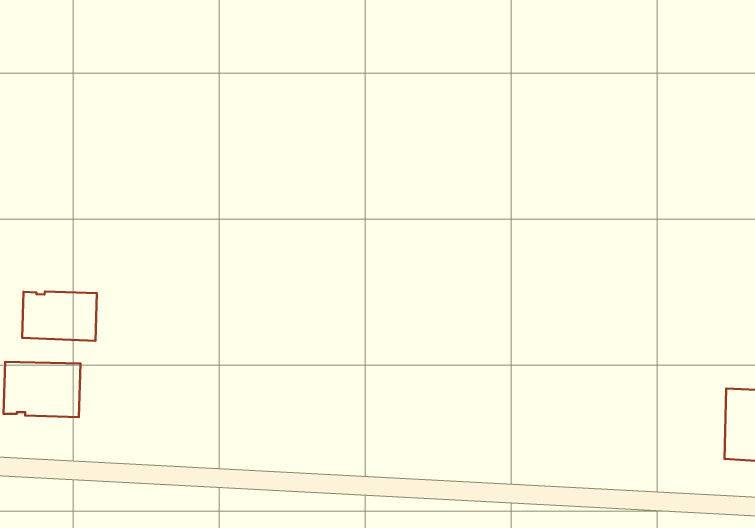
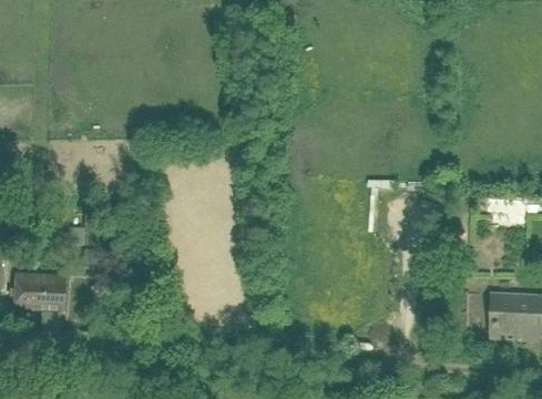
building: [22,292,97,341] -> none

